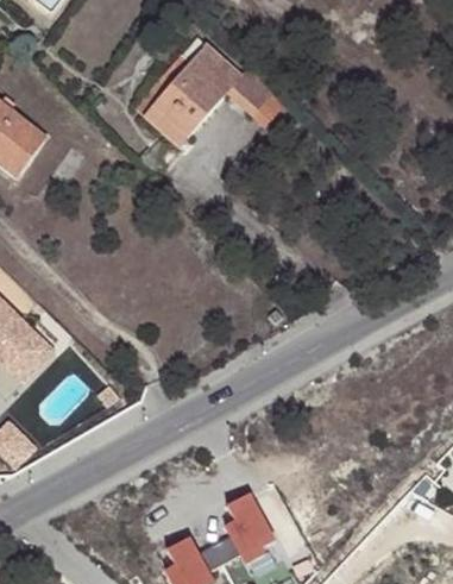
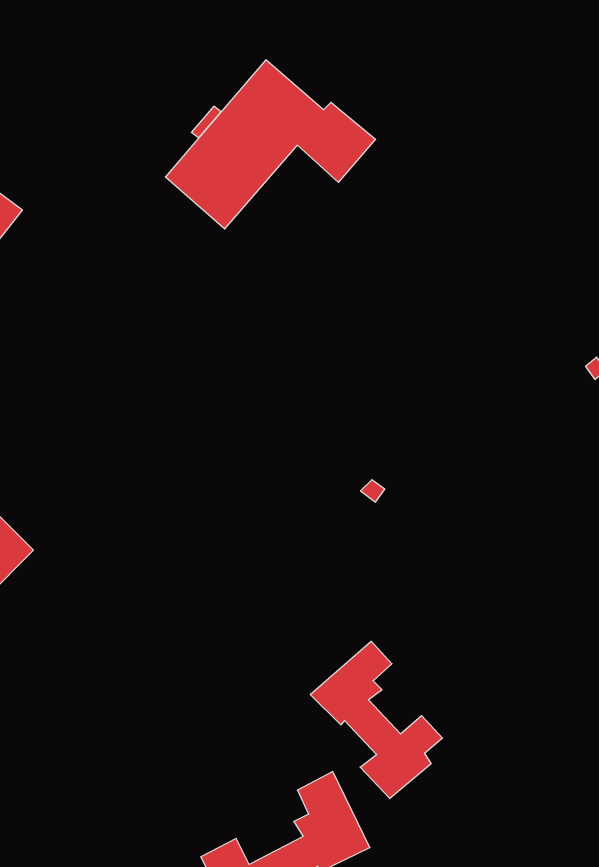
building: none -> [310,641,442,799]

